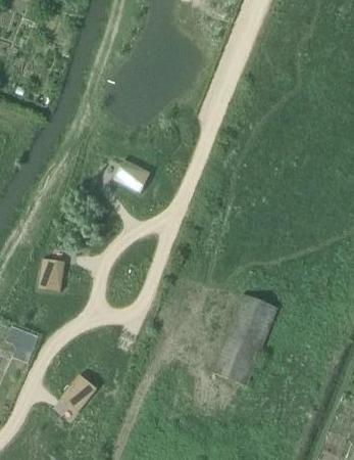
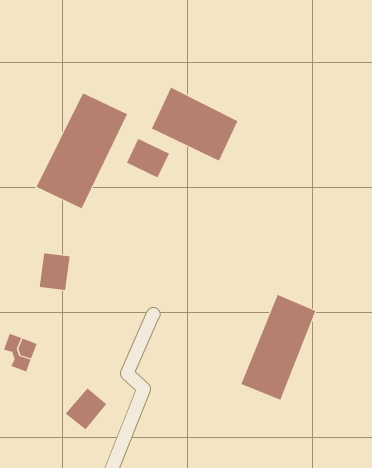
building: none -> [151,87,238,161]
building: none -> [36,93,128,209]

